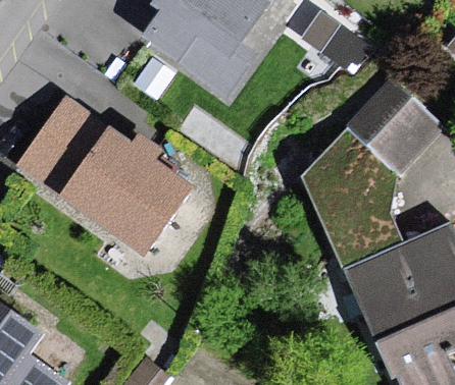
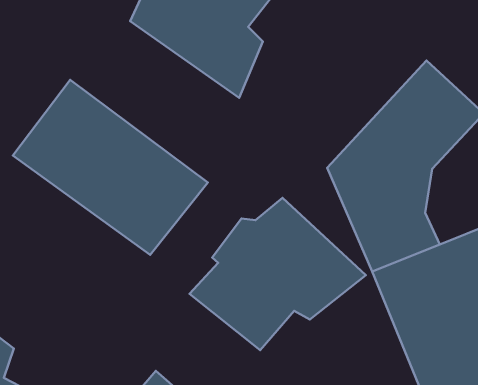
building: none -> [190,198,366,350]

